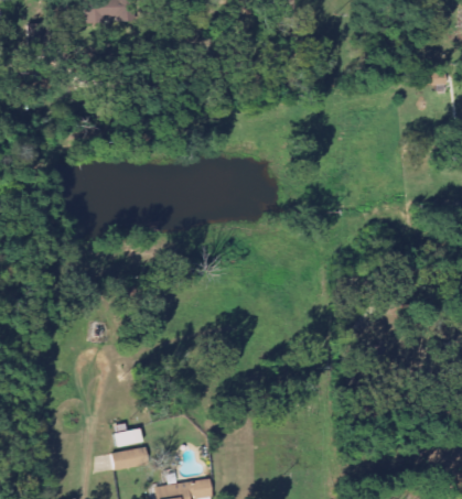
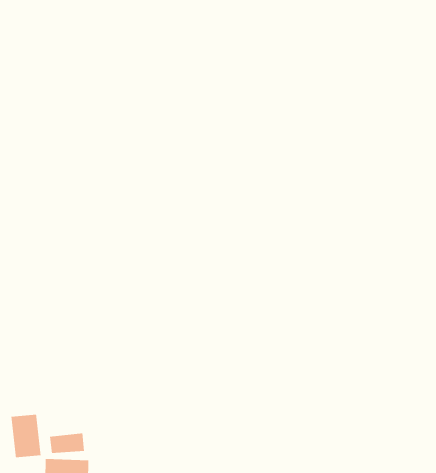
building: none -> [11,414,41,458]

